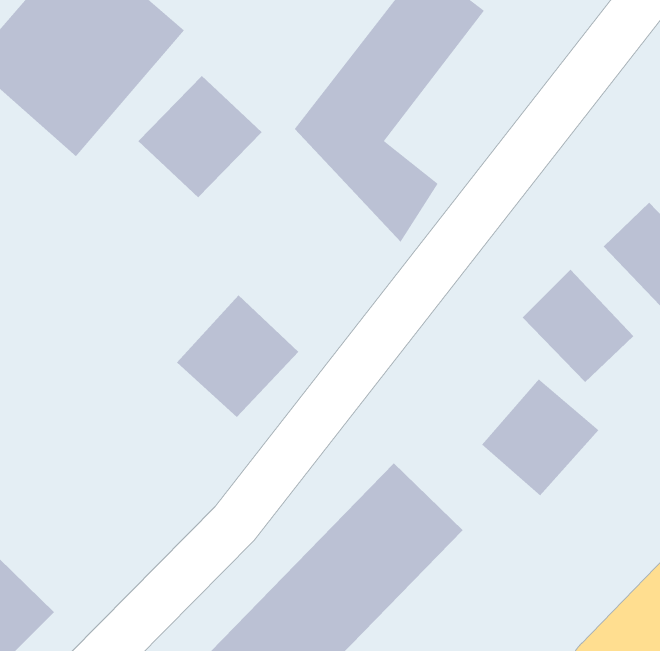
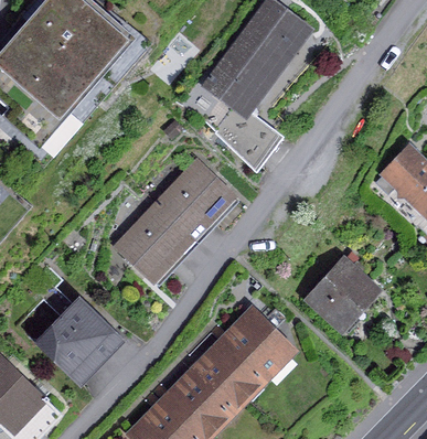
building: [138,75,263,198] -> [157,163,234,239]
building: [522,269,634,383] -> none
building: none -> [43,304,118,378]

